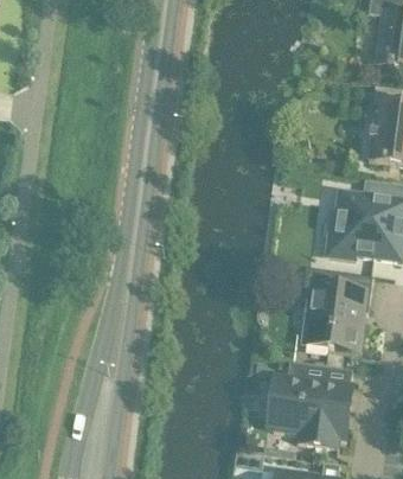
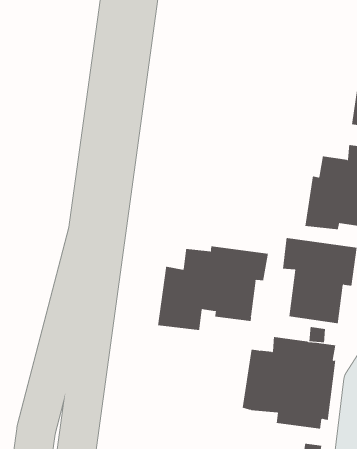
building: none -> [158,246,268,331]

